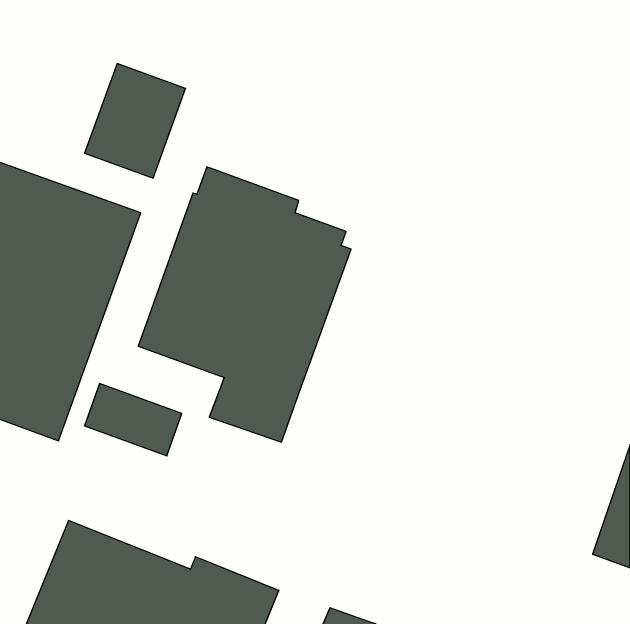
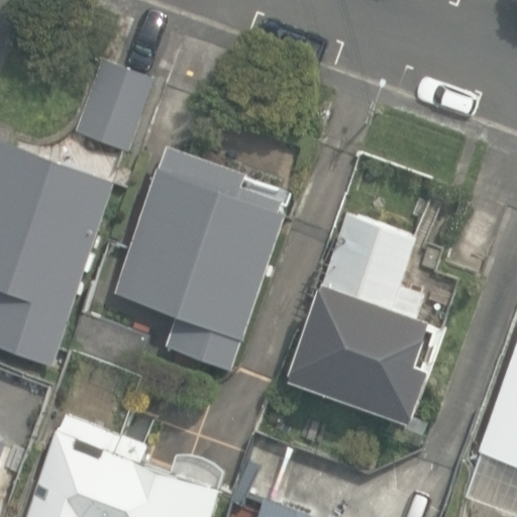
building: none -> [289,212,442,422]

